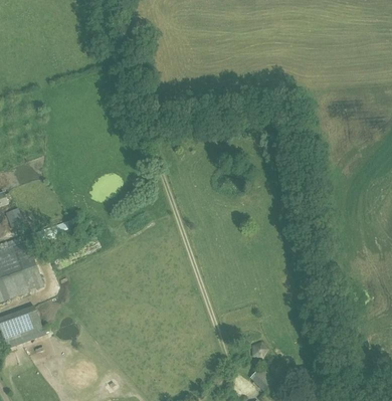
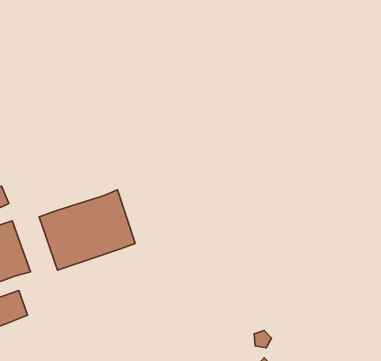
building: none -> [39,190,135,270]

